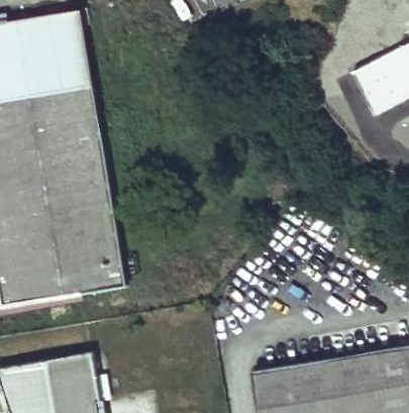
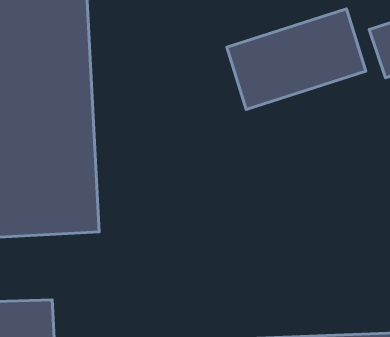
building: none -> [227,9,366,109]

